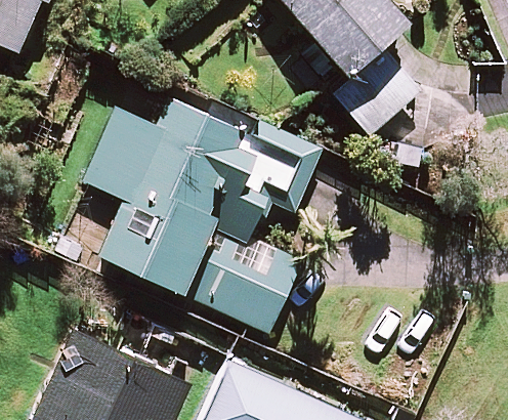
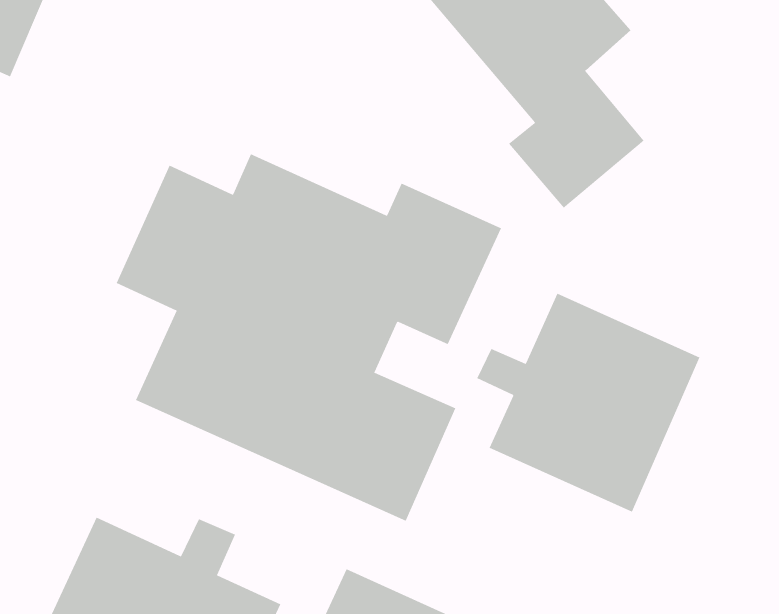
building: none -> [476,293,700,512]

